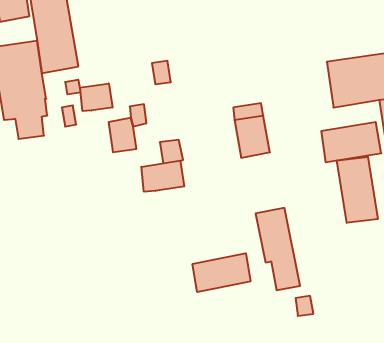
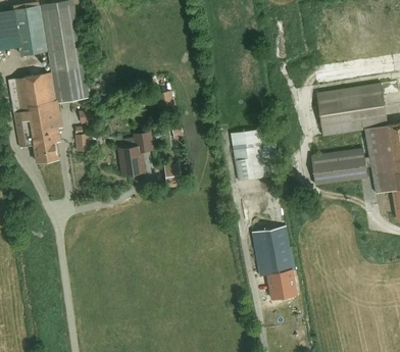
building: [80,83,112,111] -> none
building: [337,157,378,223] -> none
building: [141,161,184,192] -> none
building: [193,253,250,292] -> none

